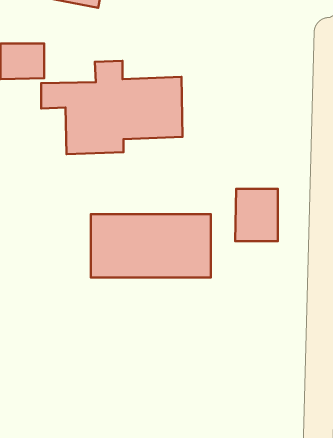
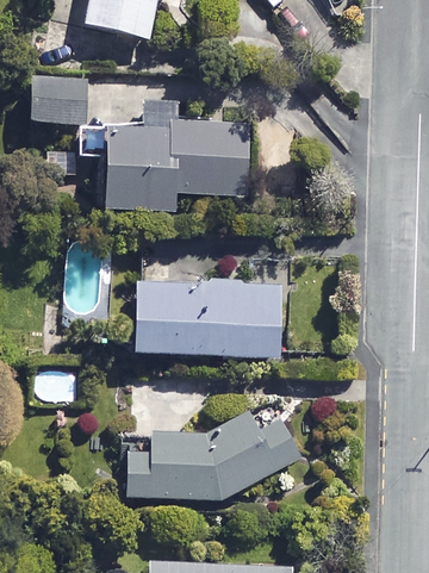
building: [235,189,278,241] -> none
building: none -> [131,394,303,500]

